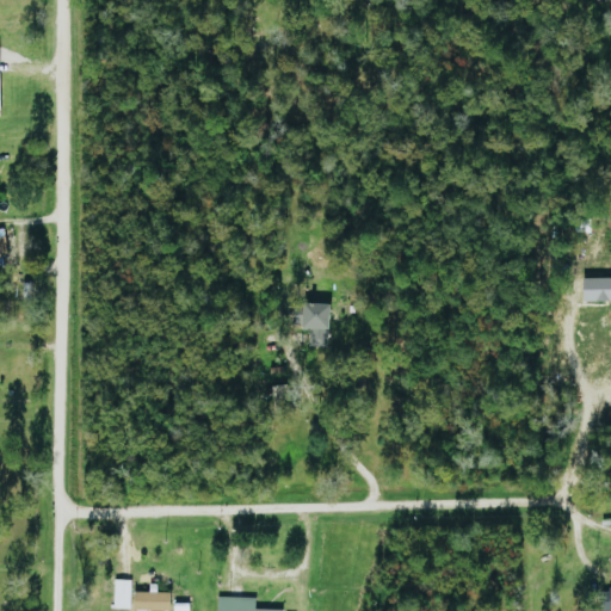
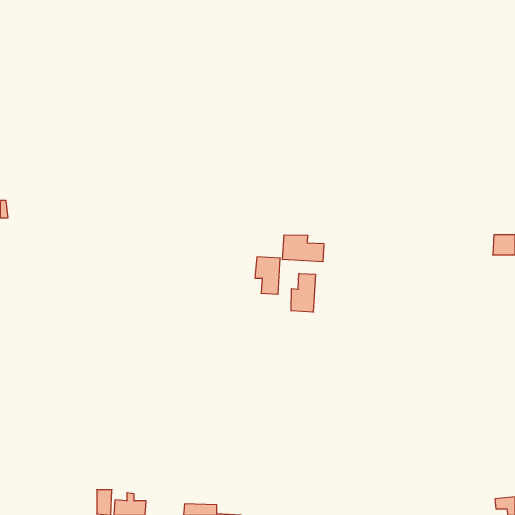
building: none -> [282,235,324,262]
building: none -> [291,273,315,312]

